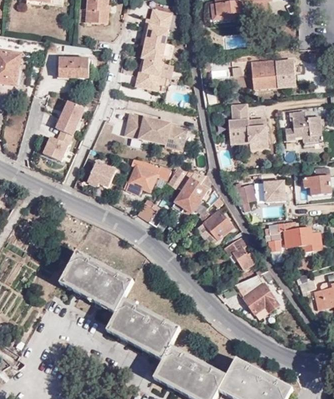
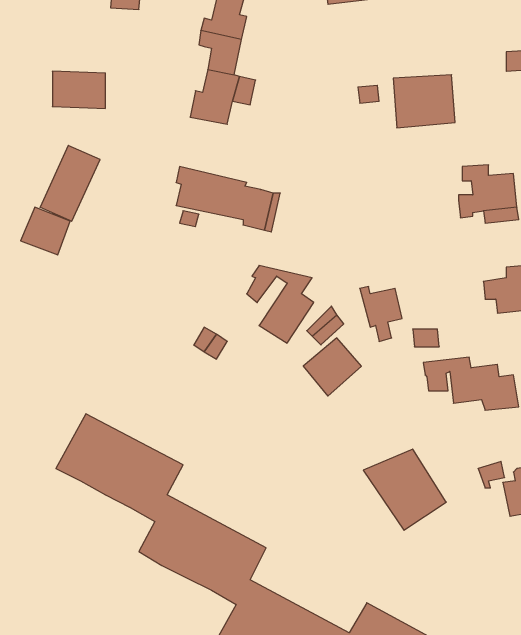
building: [227,102,267,148] -> none
building: [124,158,170,196] -> none
building: [88,160,116,187] -> none
building: [262,179,285,202] -> none
building: [223,237,256,270] -> none

